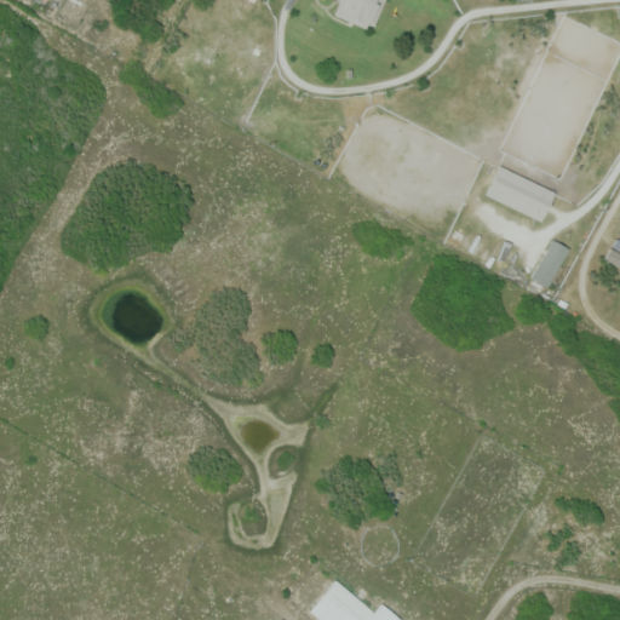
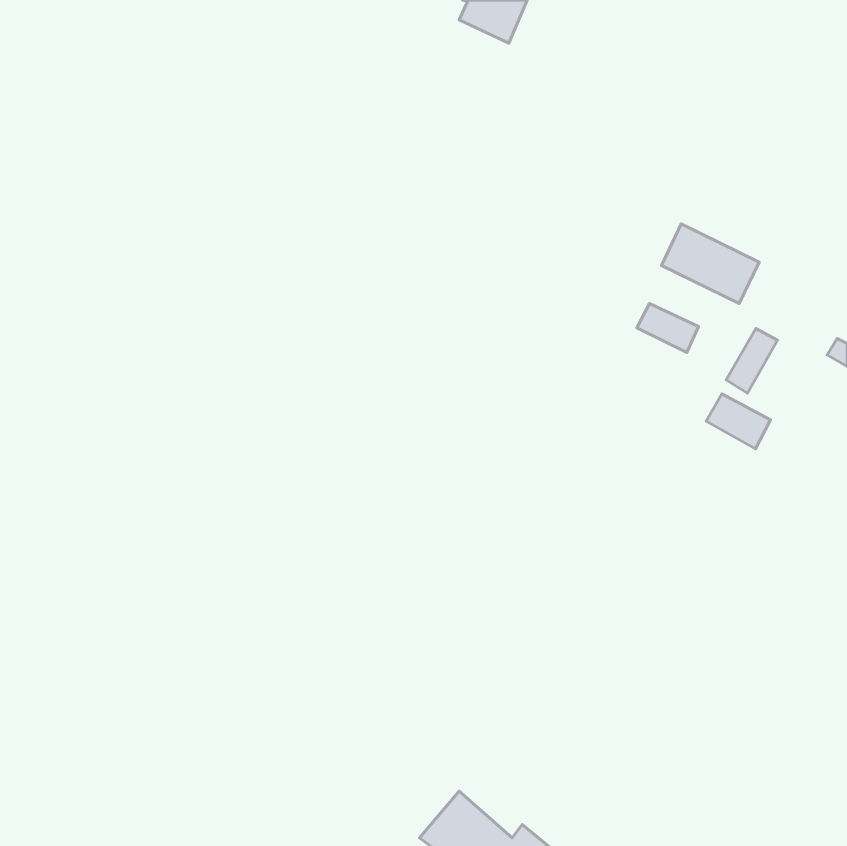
building: none -> [637,303,699,352]
building: none -> [706,394,771,449]

